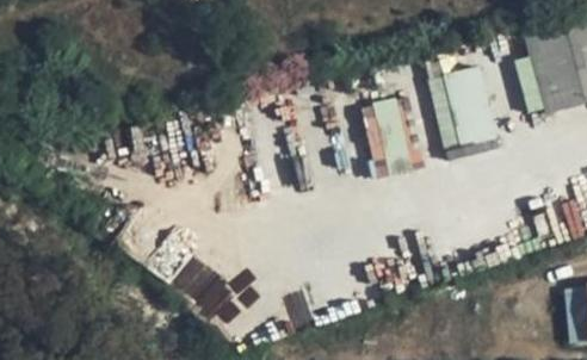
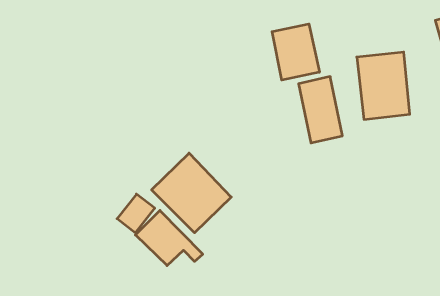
building: none -> [272,24,319,80]
building: none -> [152,153,231,233]

